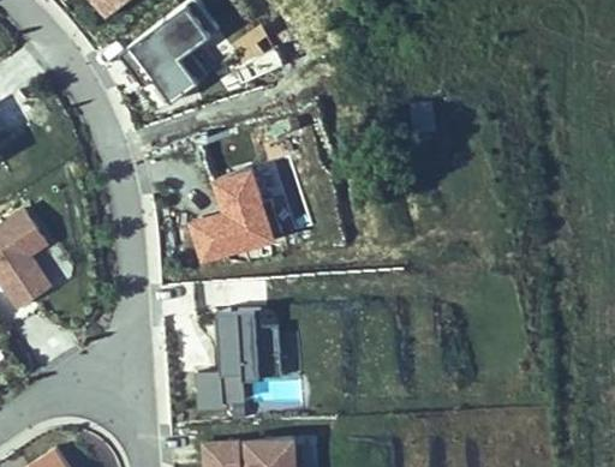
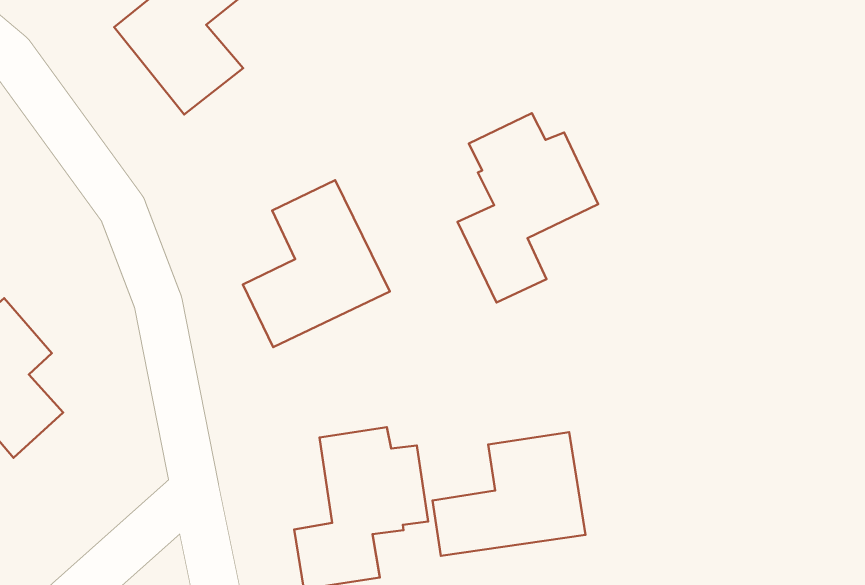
building: none -> [458,113,598,303]
building: none -> [433,432,585,556]

